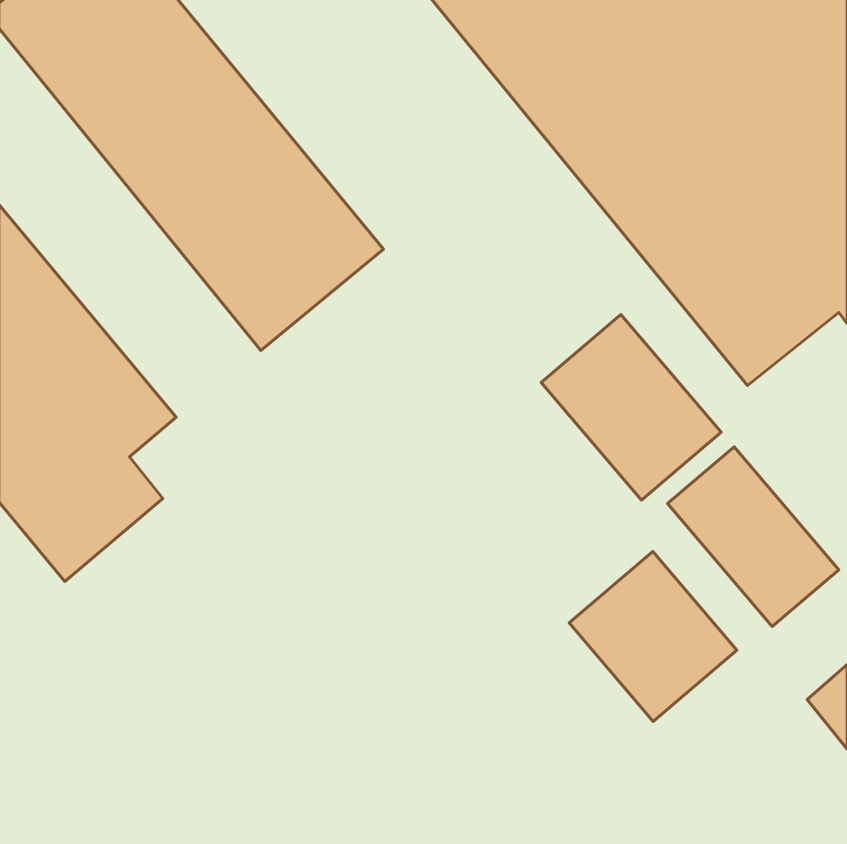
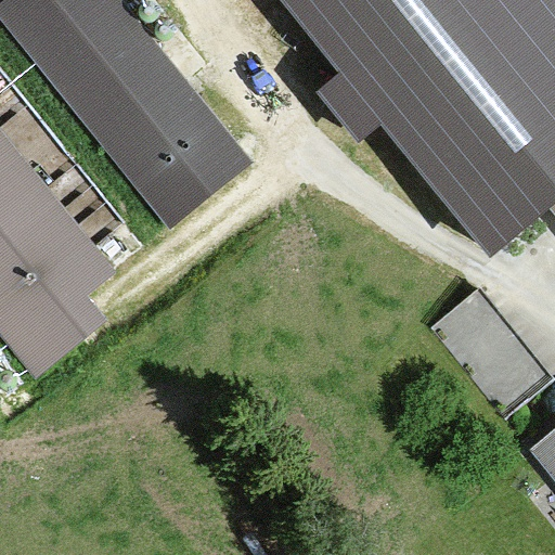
building: [541,314,721,500] -> none
building: [569,551,737,721] -> none

